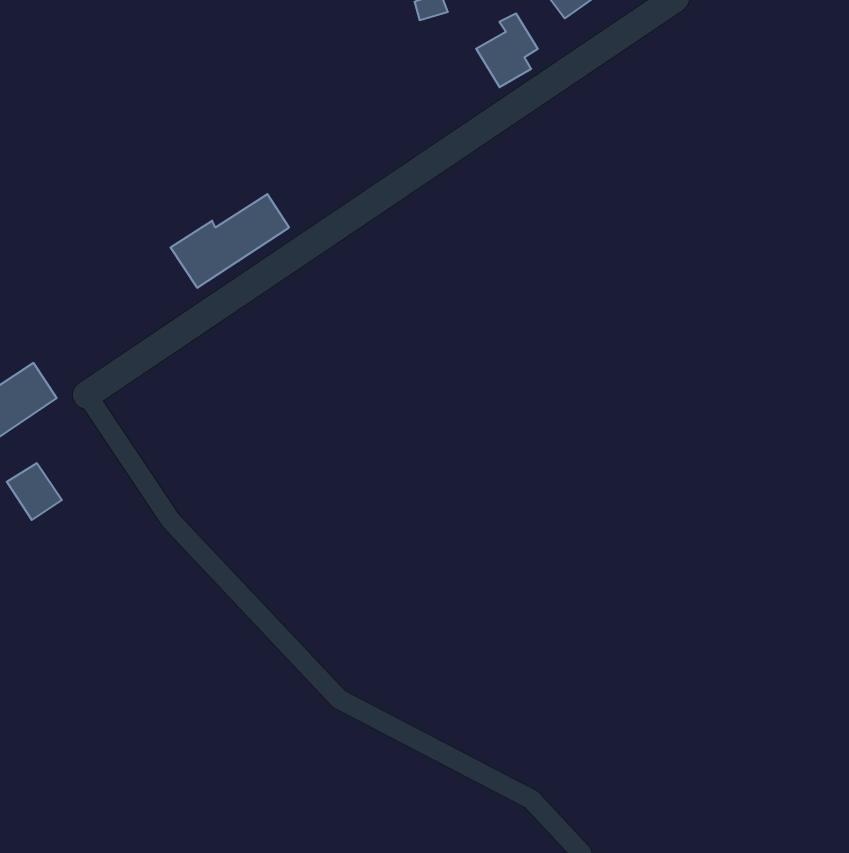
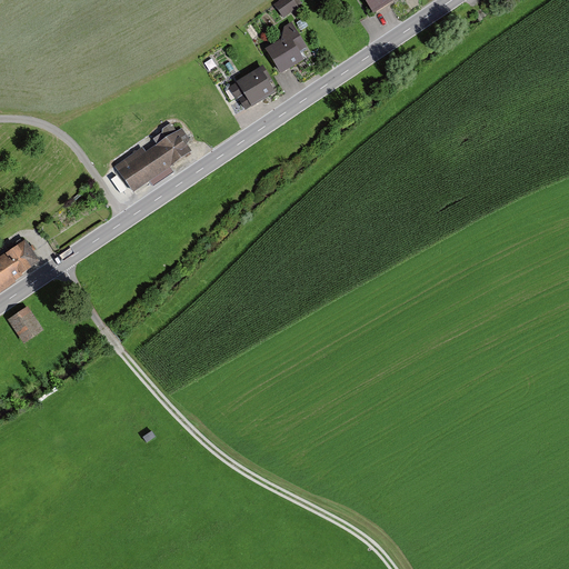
building: [476,14,538,87] -> [266,22,307,71]
building: none -> [229,66,276,109]

